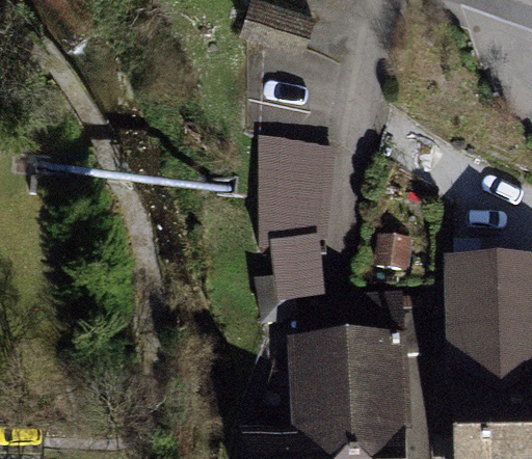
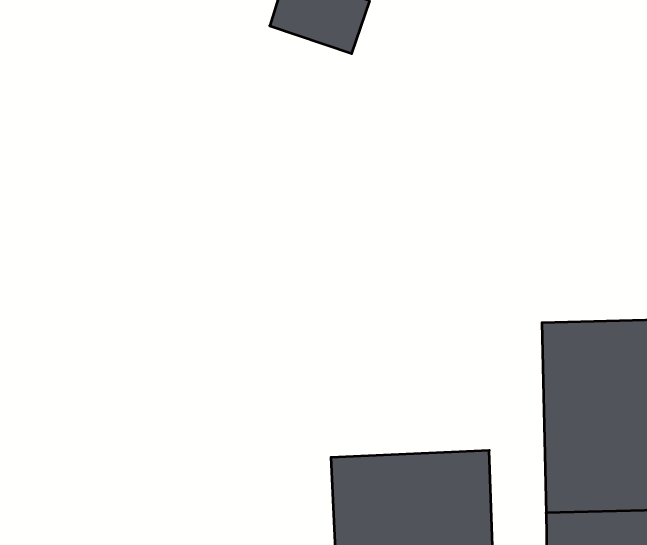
building: [256,123,336,294] -> none

